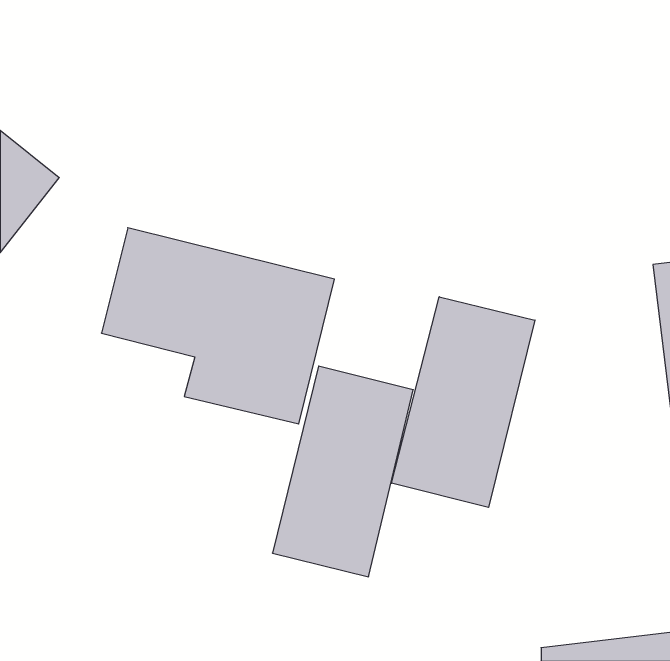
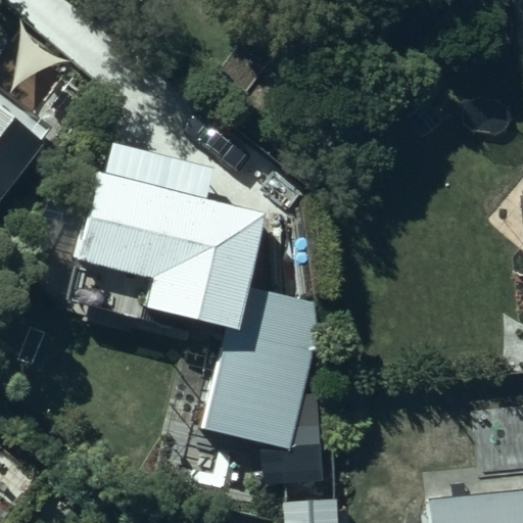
building: [392,297,535,507] -> none

